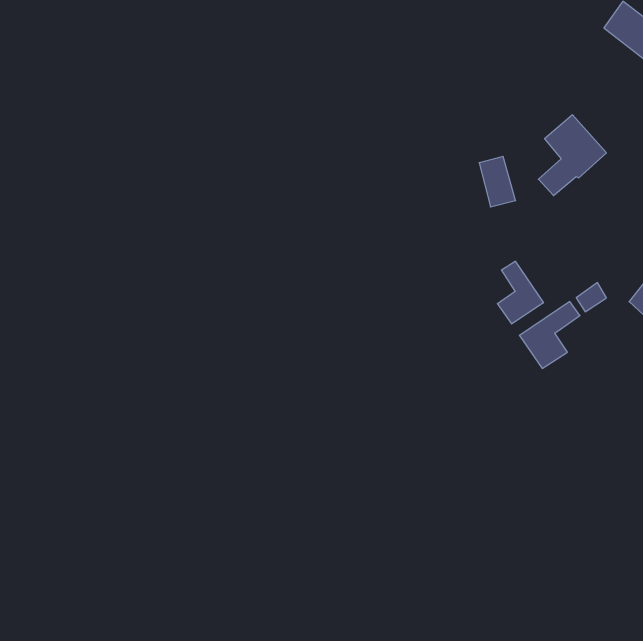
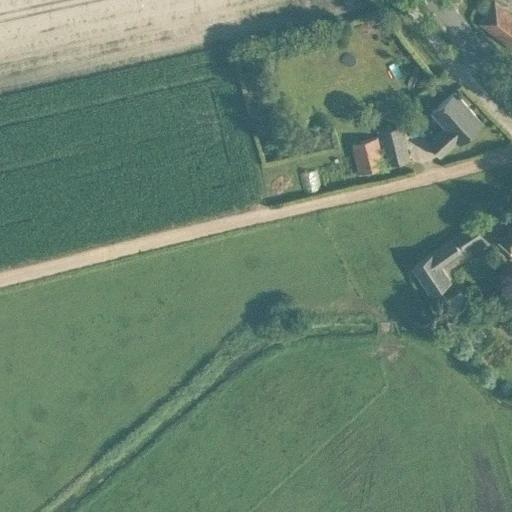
building: none -> [352,139,385,175]
building: [497,261,543,324] -> none

